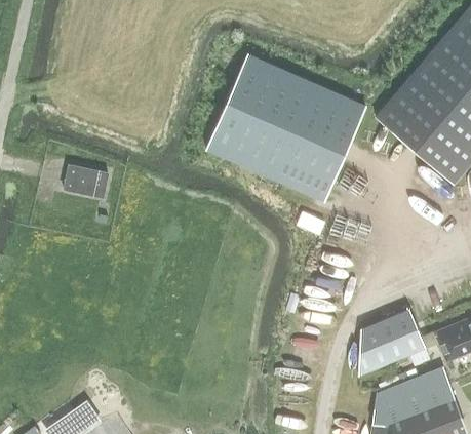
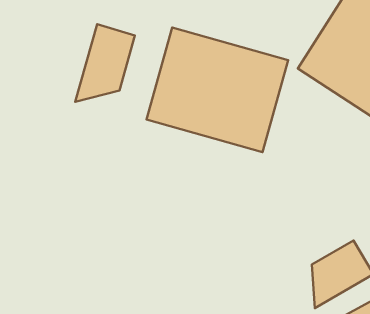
building: none -> [75,24,135,102]
building: [63,165,109,199] -> none

